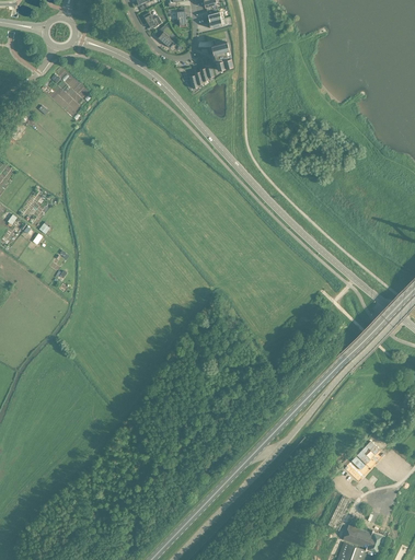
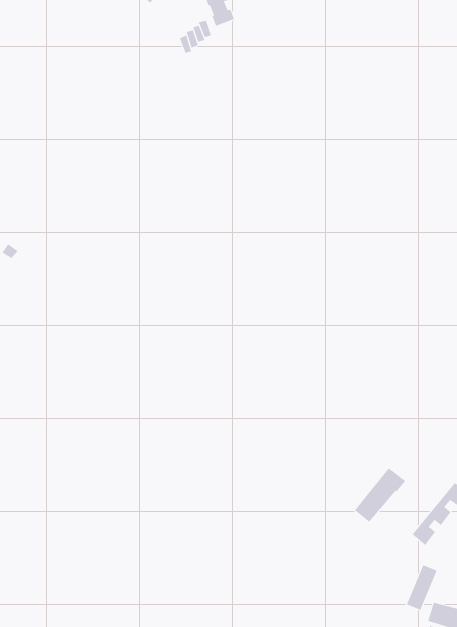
building: none -> [354,467,406,522]

